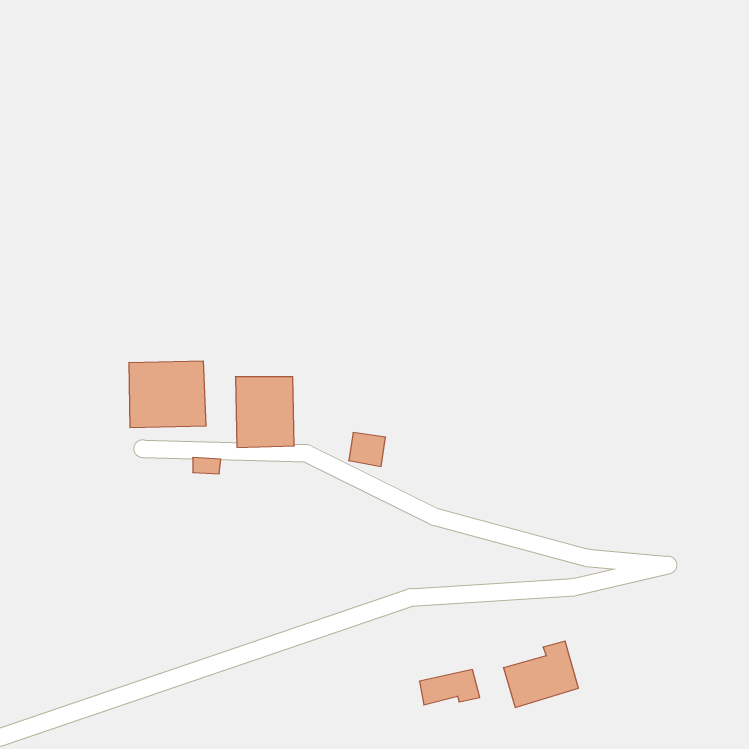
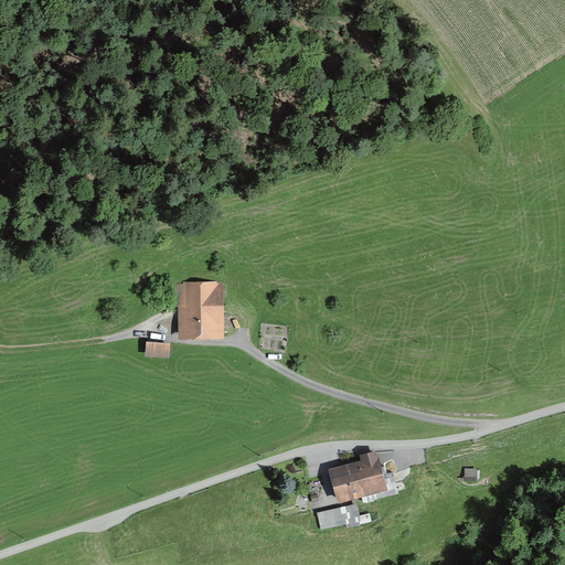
building: [129,361,206,428] -> none
building: [503,641,578,707] -> [329,451,385,501]

